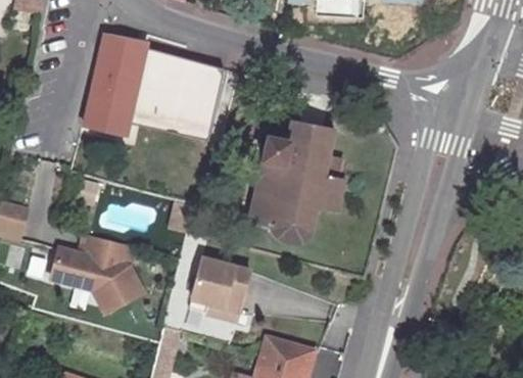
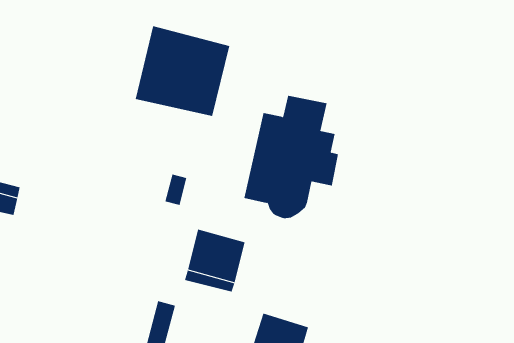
building: [90,33,157,138] -> none
building: [50,234,141,312] -> none

